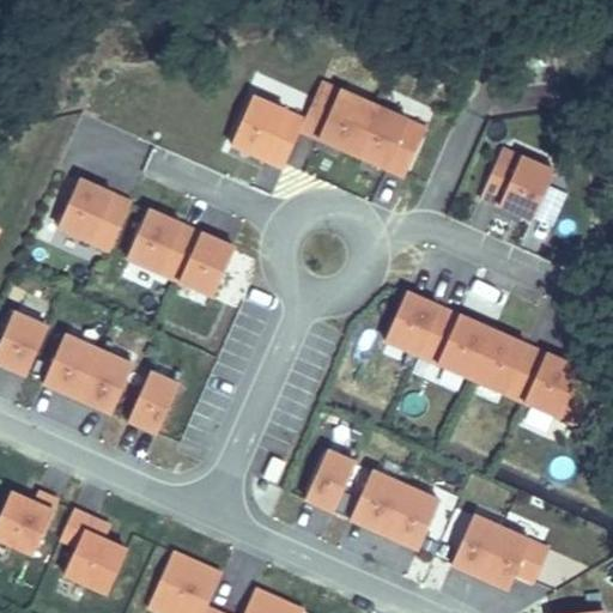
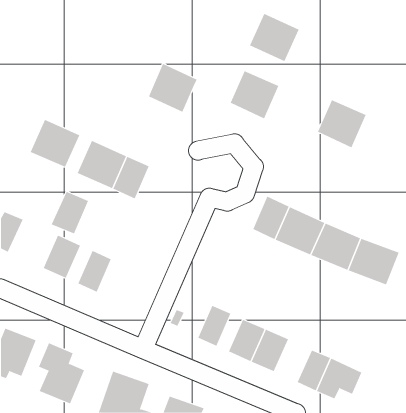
building: [298,80,372,152] -> [249,13,299,62]
building: [40,333,96,396] -> [51,191,89,234]

